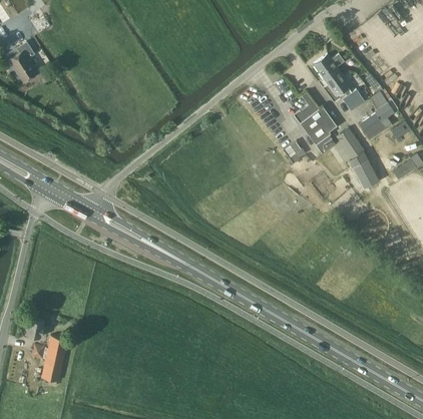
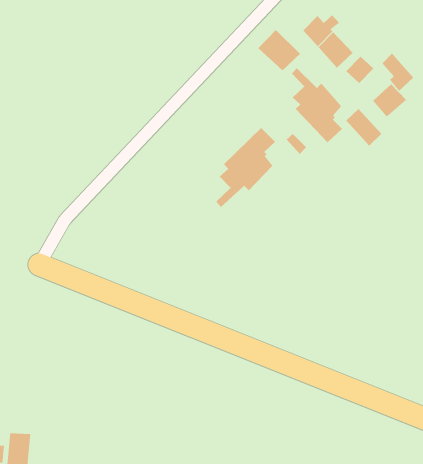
building: none -> [257,29,301,71]
building: none -> [215,127,276,208]
building: [349,152,378,187] -> none

